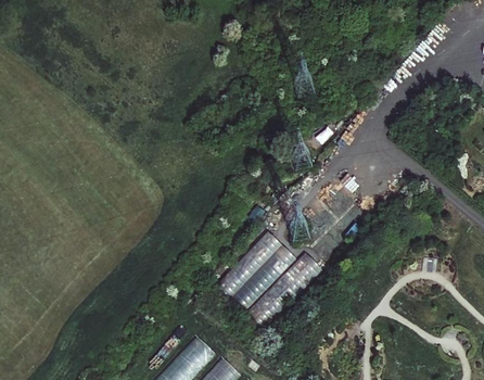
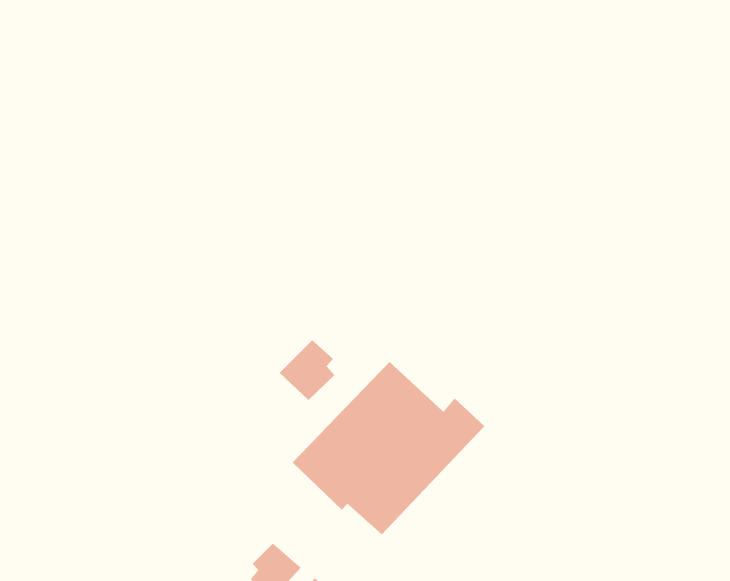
building: none -> [279,340,335,401]

